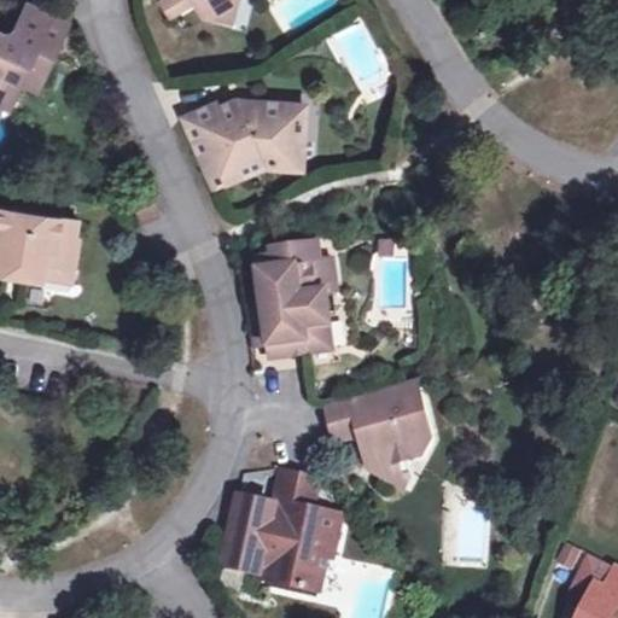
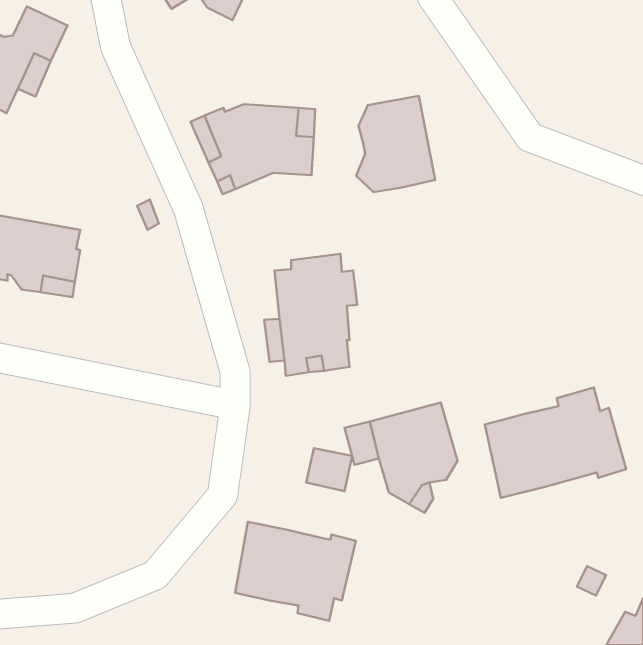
building: none -> [356,96,435,192]
building: none -> [485,388,626,498]
building: [272,471,315,512] -> [306,448,352,491]

